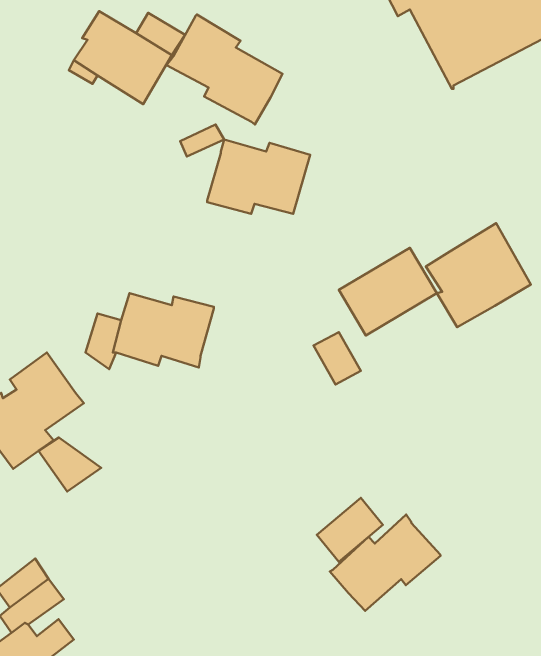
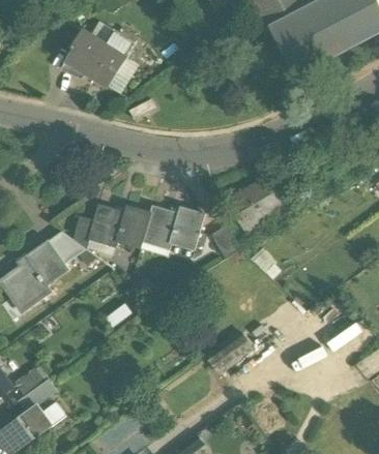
building: [167,15,282,125] -> none
building: [207,140,310,214] -> [142,204,205,249]
building: [426,223,531,327] -> none
building: [39,437,101,491] -> [48,231,86,264]
building: [330,514,441,611] -> none

